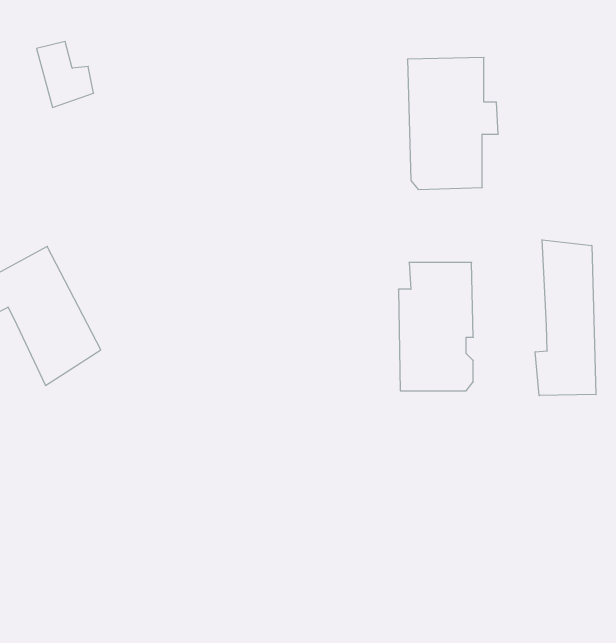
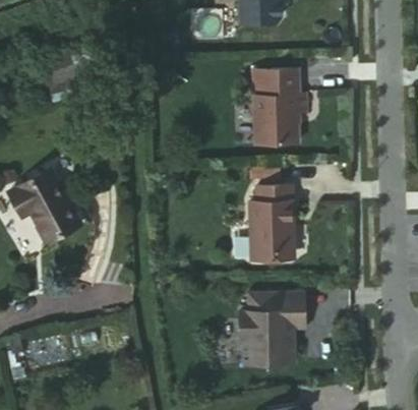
building: [535,240,596,396] -> none
building: none -> [239,291,304,362]

